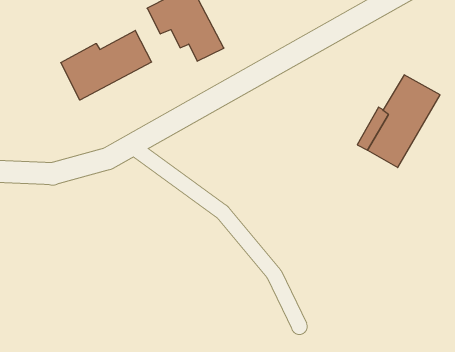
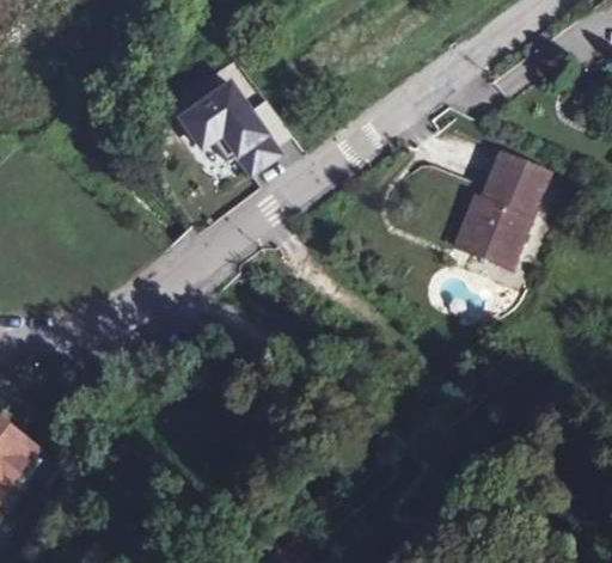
building: [61,30,152,100] -> none

